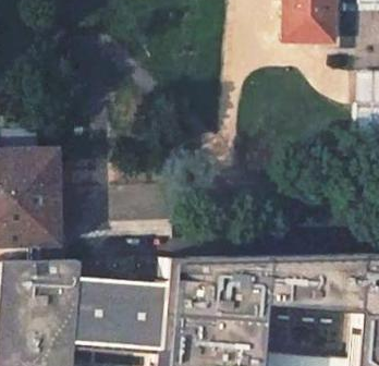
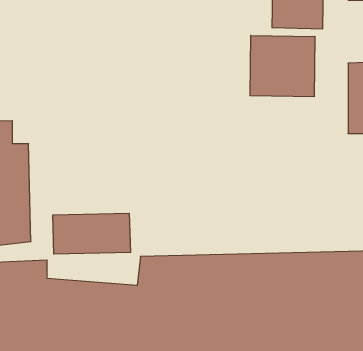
building: none -> [250,35,315,97]
building: none -> [53,213,131,254]

